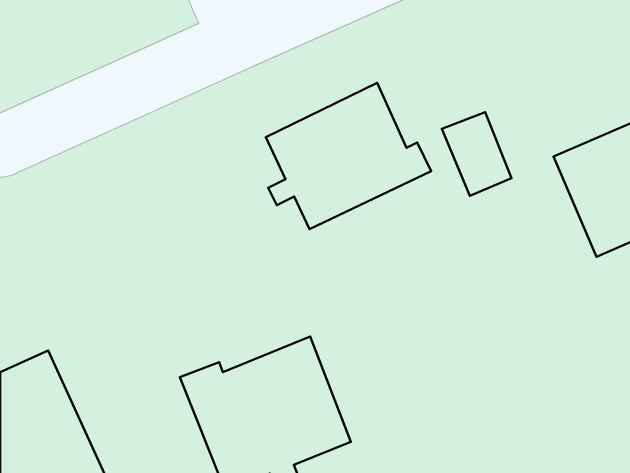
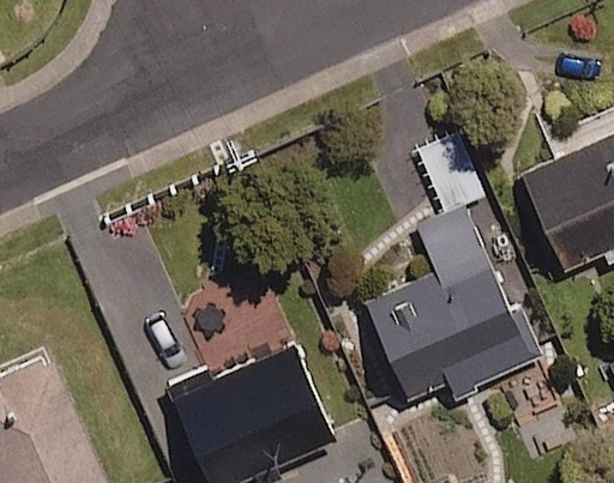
building: [266,83,431,229] -> none
building: none -> [361,211,541,400]

